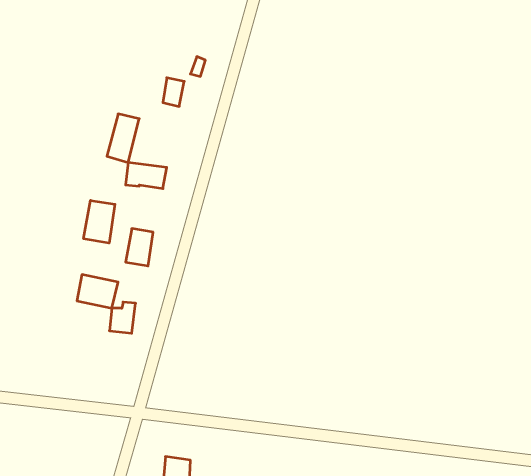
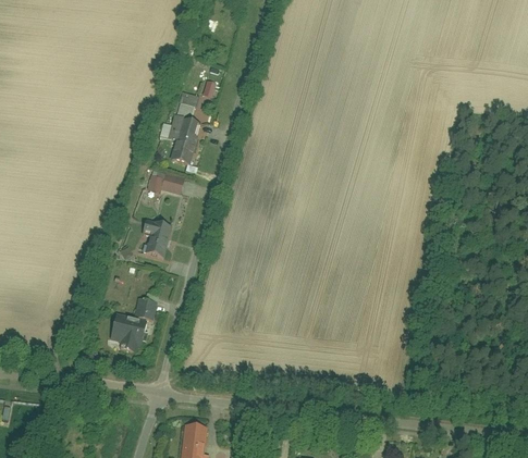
building: [107,114,139,162] -> [172,126,200,169]
building: [84,200,115,243] -> none
building: [77,275,118,308] -> [112,314,148,344]

